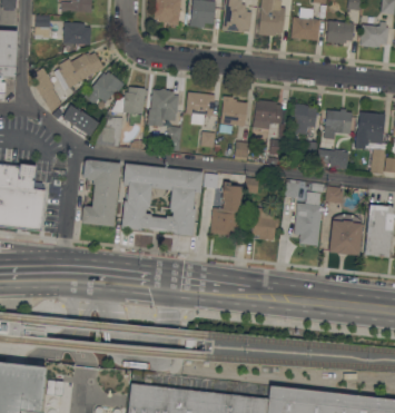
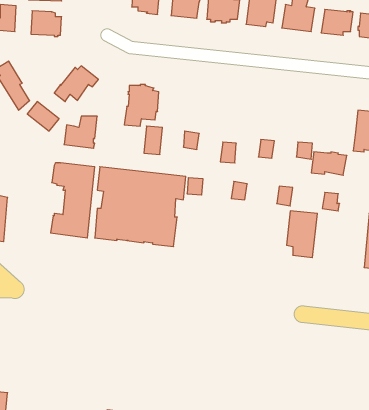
building: [55,51,105,89] -> none
building: [112,86,148,125] -> none
building: [186,91,216,125] -> none
building: [220,96,248,131] -> none
building: [253,99,283,129] -> none
building: [289,102,317,134] -> none
building: [324,108,353,139] -> none
building: [210,180,243,235] -> none
building: [251,203,279,240] -> none
building: [329,214,362,256] -> none

